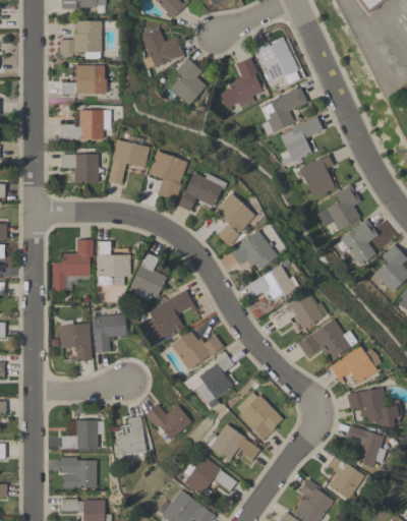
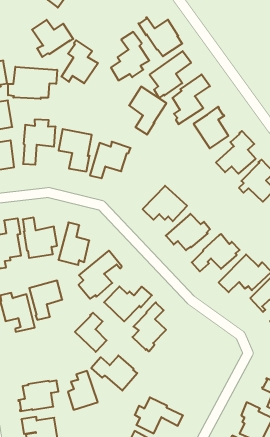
building: none -> [8,67,57,99]
building: [215,192,255,245] -> [129,87,166,135]
building: none -> [75,313,107,352]
building: [236,392,283,440] -> none
building: [207,423,260,461] -> none

